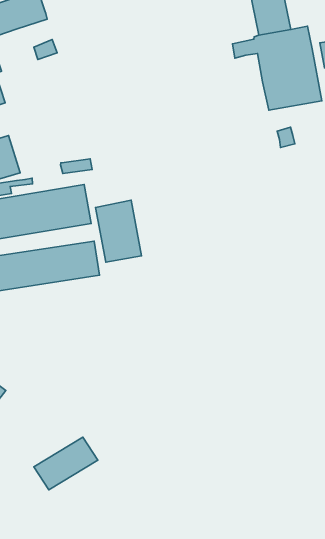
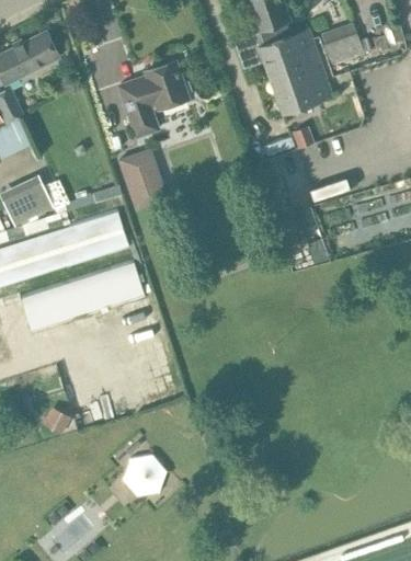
building: none -> [118,61,191,137]
building: [95,200,141,262] -> [118,148,169,210]

